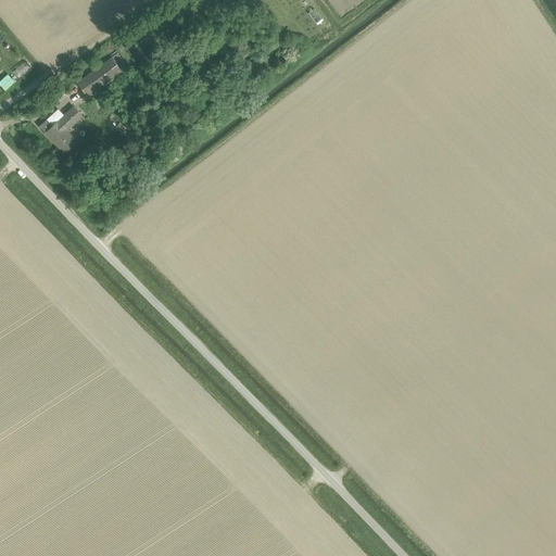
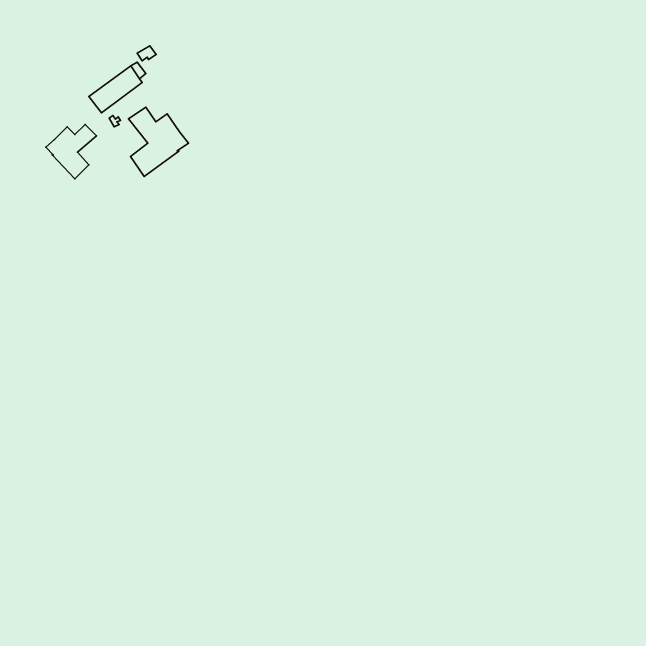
building: none -> [129,107,189,176]

